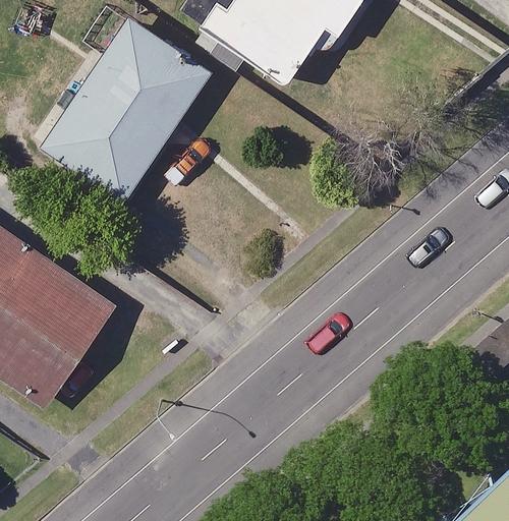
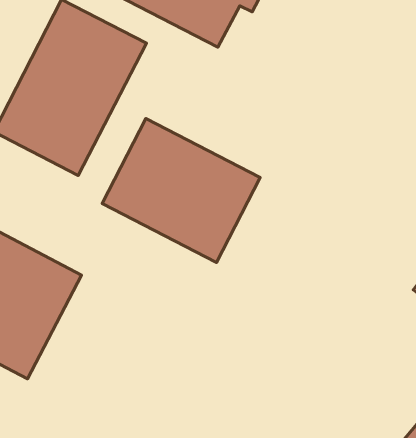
building: none -> [102,118,260,262]

